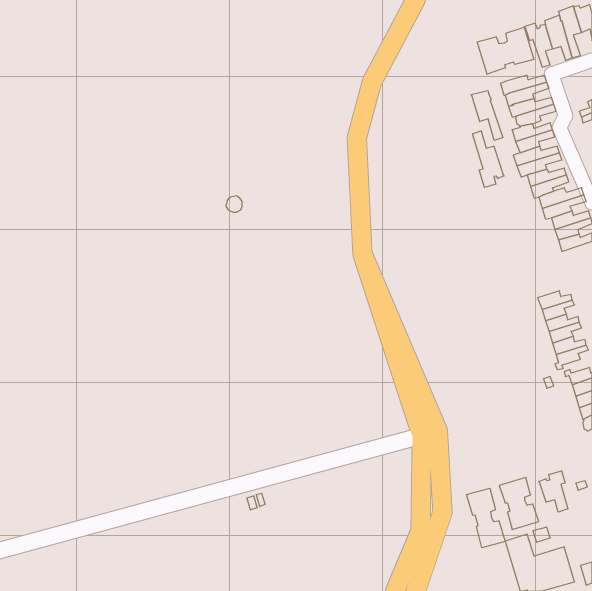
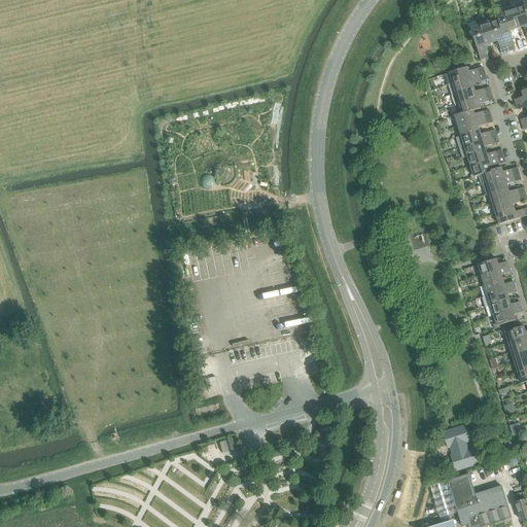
building: [477,27,534,74] -> none
building: [471,91,503,140] -> none
building: [473,131,504,187] -> none
building: [539,471,568,512] -> none
building: [467,488,505,548] -> none

